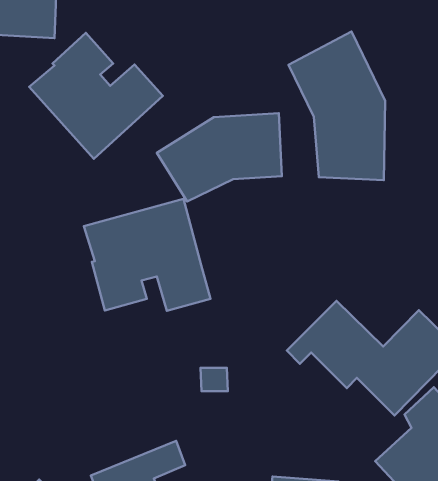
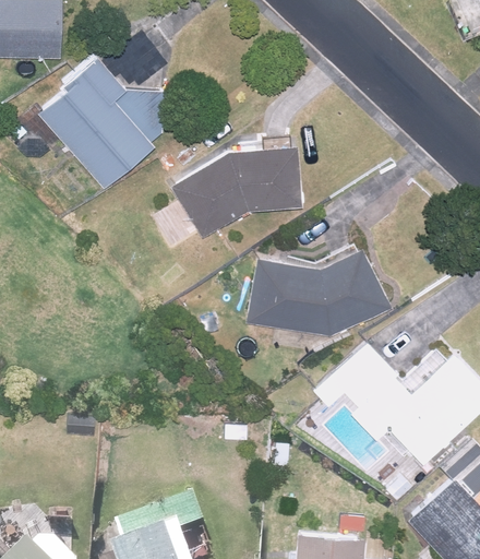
building: [289,31,385,180] -> none
building: [84,199,210,311] -> none
building: none -> [249,241,395,336]

